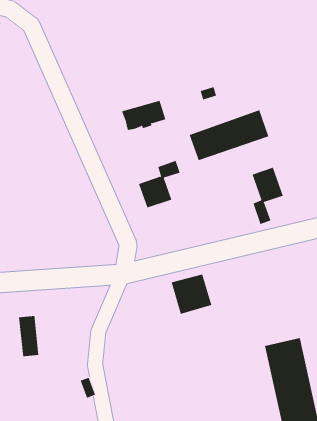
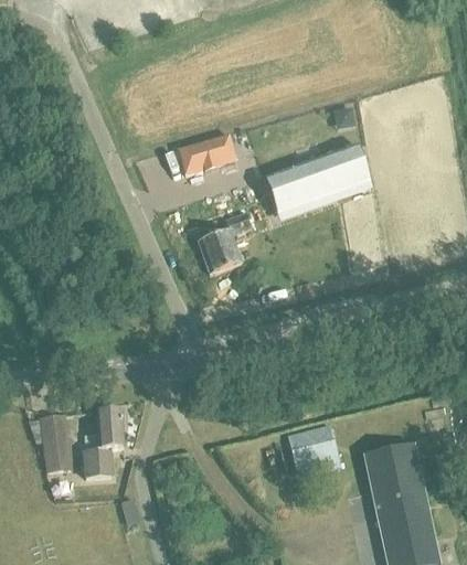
building: [252,167,284,225] -> none
building: [171,274,212,314] -> [287,424,341,477]
building: none -> [84,411,124,477]

